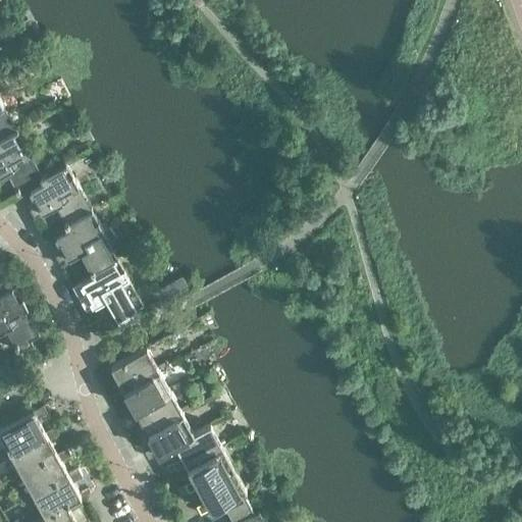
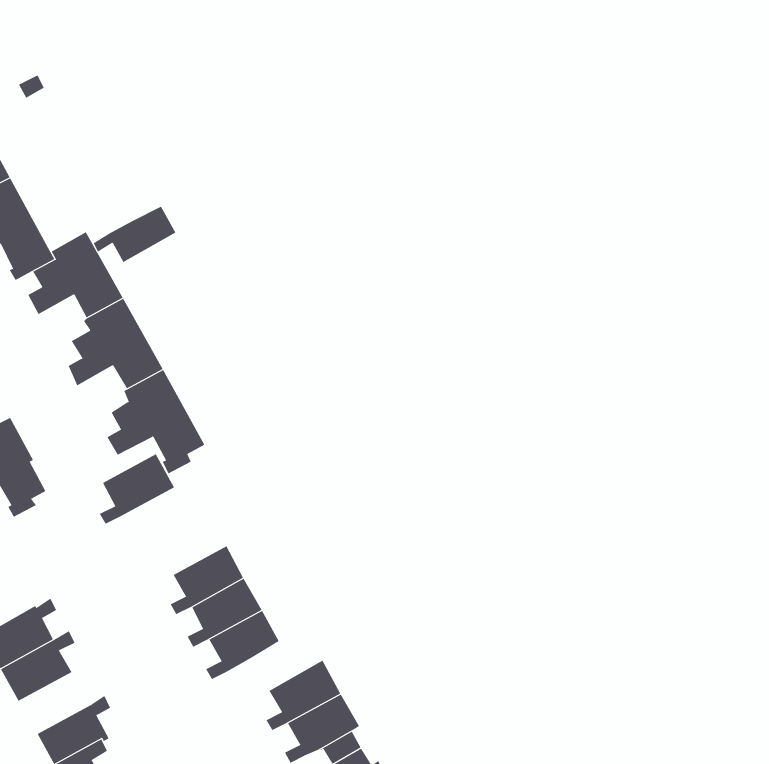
building: none -> [93,206,176,263]
building: [107,352,157,399] -> [99,453,175,525]
building: [171,428,220,475] -> none
building: [19,452,69,499] -> none

